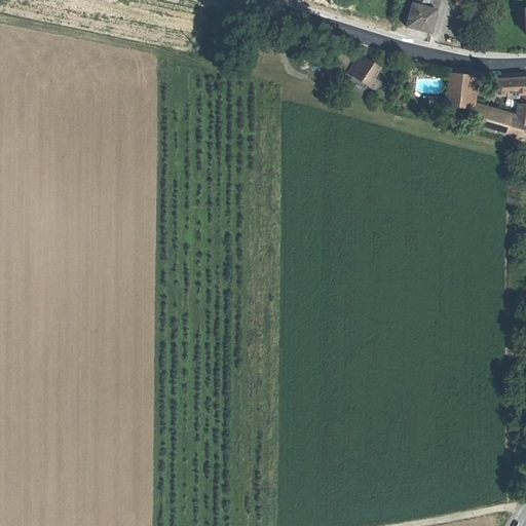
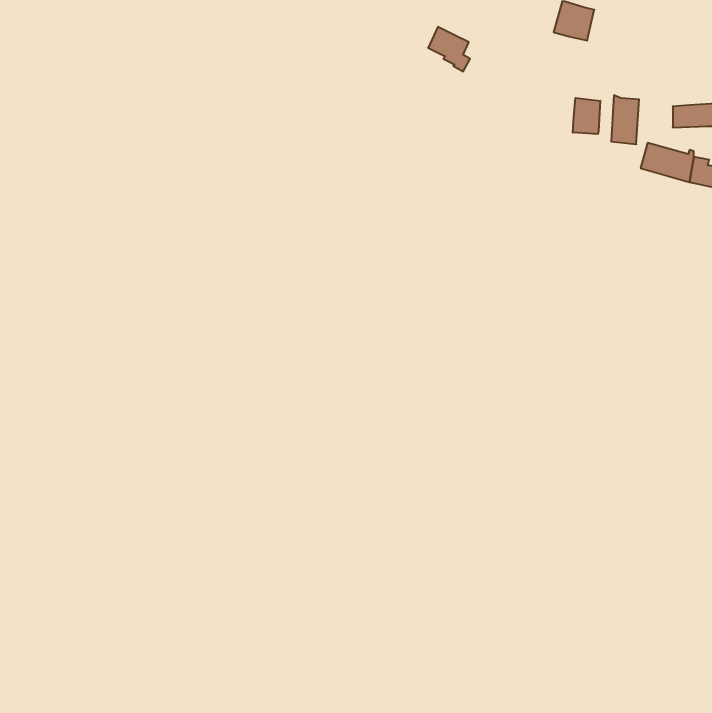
building: [350,57,381,89] -> [428,27,470,72]
building: none -> [573,98,600,134]

